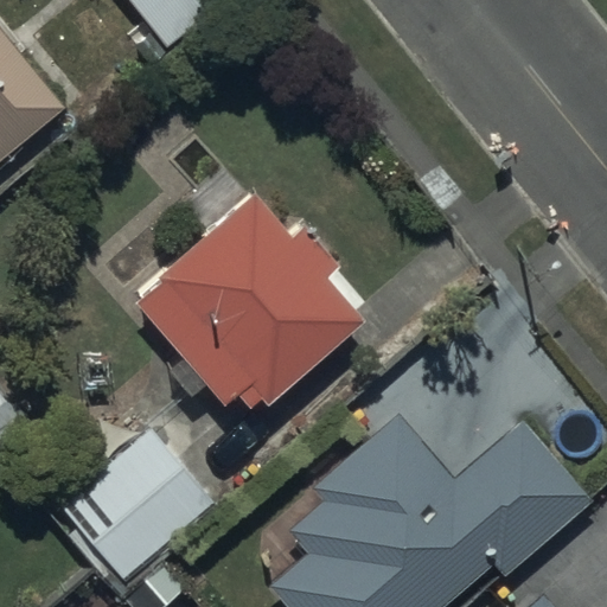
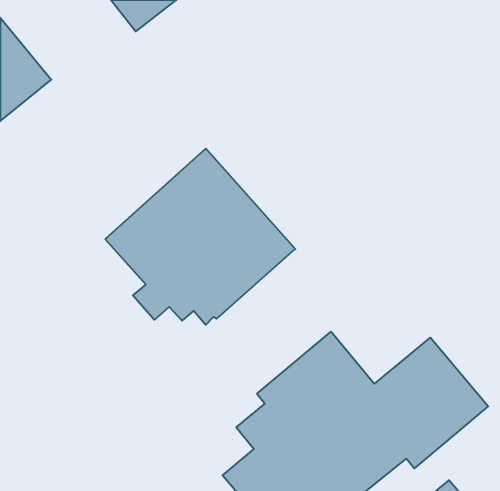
building: [60,429,213,581] -> none

